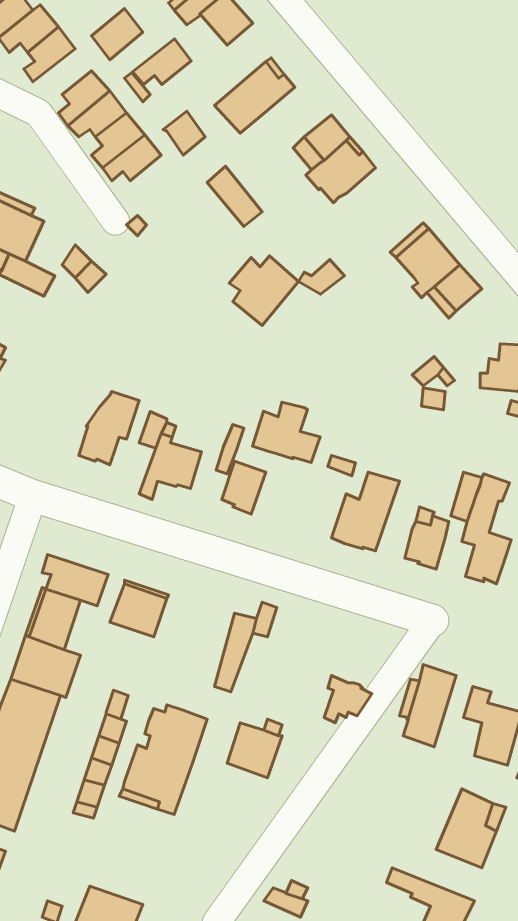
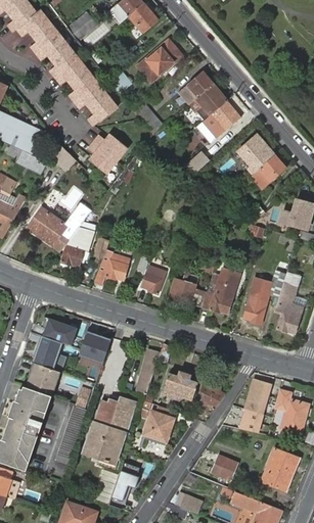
building: [132,39,191,85] -> [35,35,68,60]
building: none -> [87,94,116,125]
building: none -> [203,101,240,138]
building: [229,256,299,325] -> [88,134,127,173]
building: none -> [27,203,90,250]
building: [252,402,320,463] -> [168,273,206,306]
building: none -> [163,371,197,399]
building: none -> [211,455,237,480]
building: none -> [108,464,138,508]

